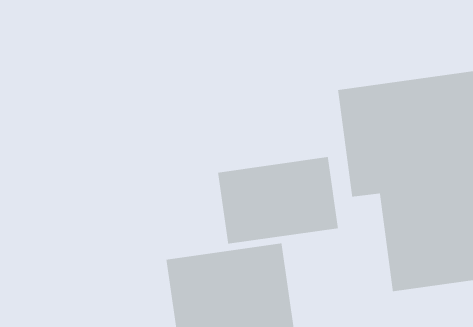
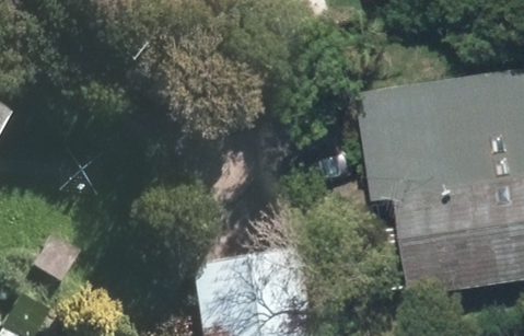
building: [217,156,339,245] -> none

